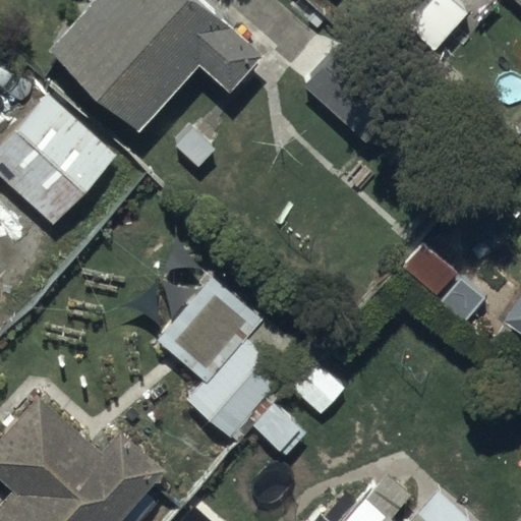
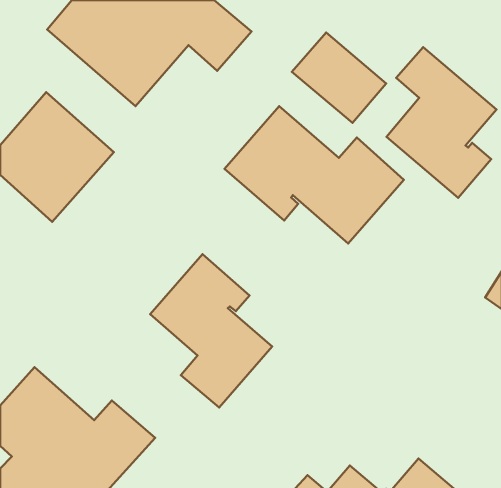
building: none -> [386,47,496,198]
building: none -> [224,106,404,243]

